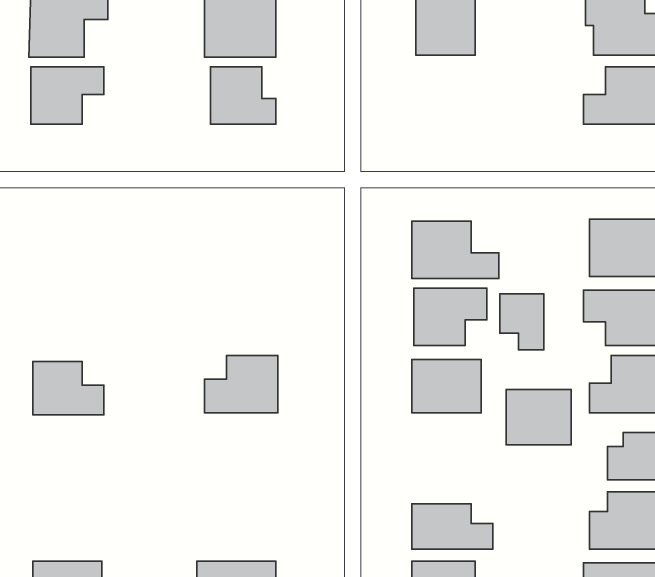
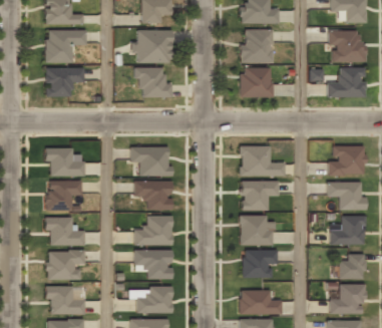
building: none -> [240,67,272,97]
building: none -> [131,146,170,176]
building: none -> [44,149,83,177]
building: none -> [134,181,172,210]
building: none -> [46,182,80,211]
building: [500,294,544,350] -> none
building: [506,389,571,445] -> [243,249,276,277]
building: none -> [134,250,171,279]
building: none -> [46,251,82,280]
building: none -> [46,286,83,313]
building: none -> [137,286,171,313]

